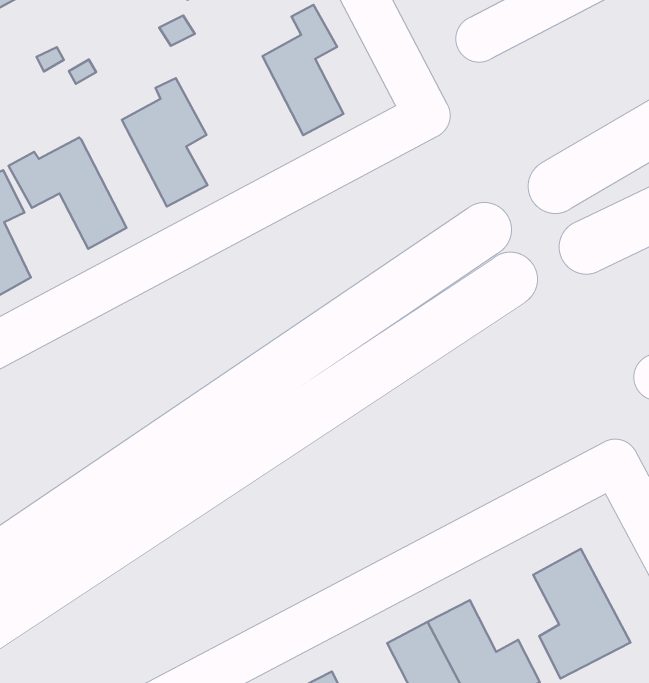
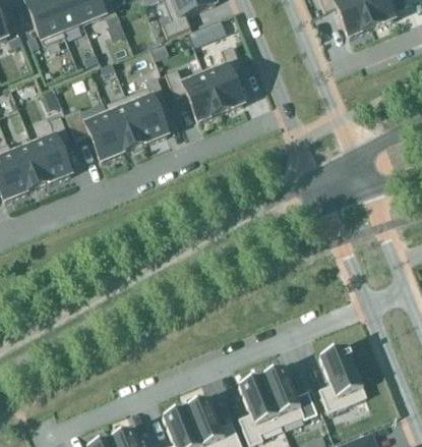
building: none -> [165,67,220,121]
building: none -> [103,95,144,152]

